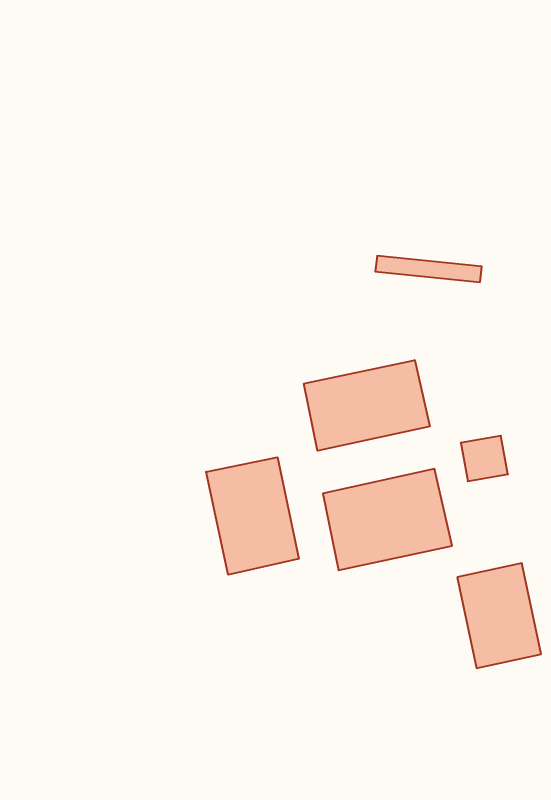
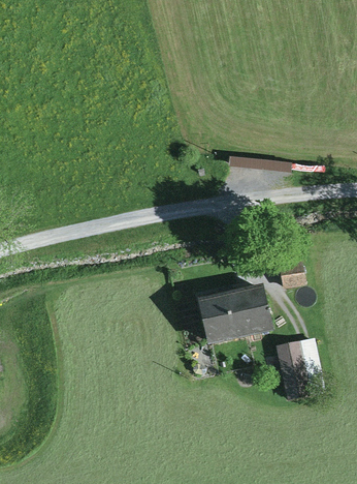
building: [304,360,430,451] -> none
building: [206,457,299,575] -> none

